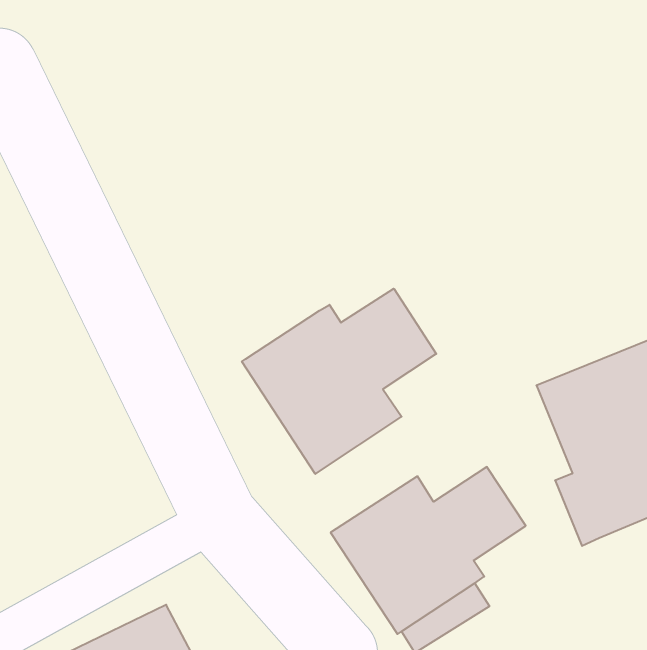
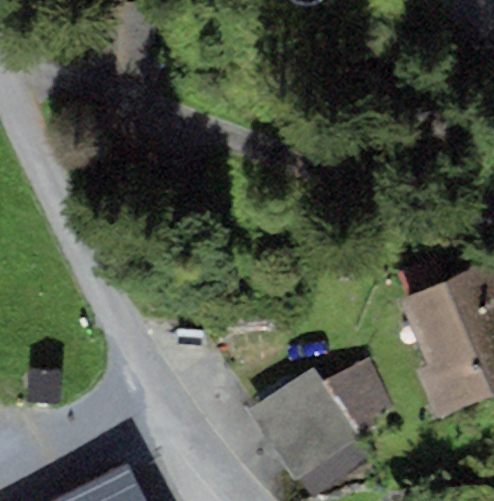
building: [242,289,436,474] -> none

